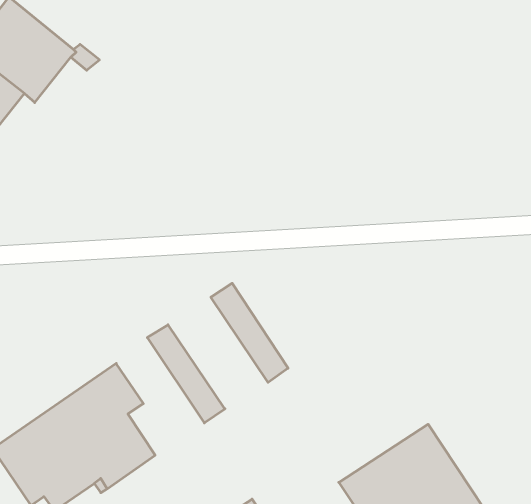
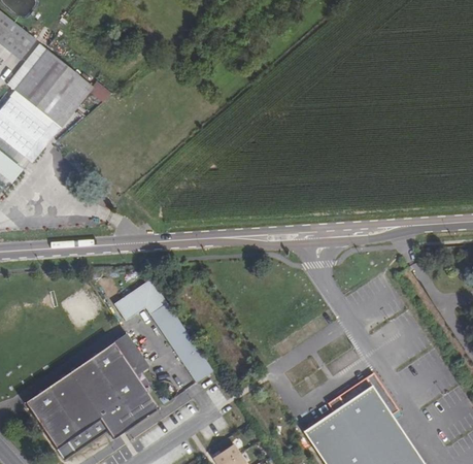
building: [211,283,288,382] -> none
building: none -> [114,280,167,322]

